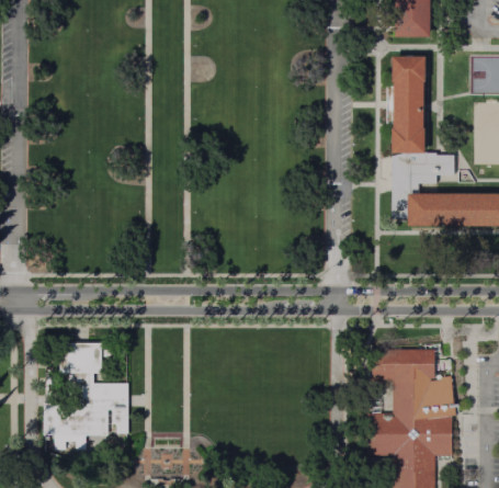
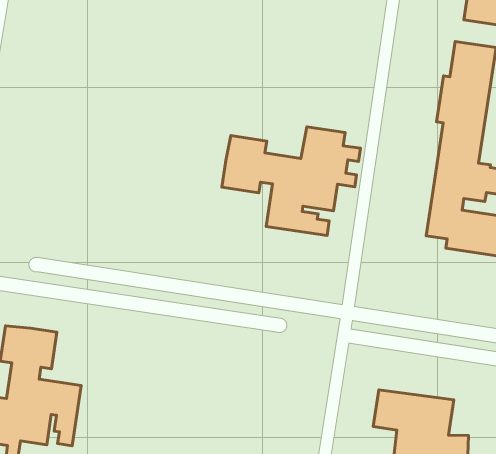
building: none -> [222,127,360,236]

